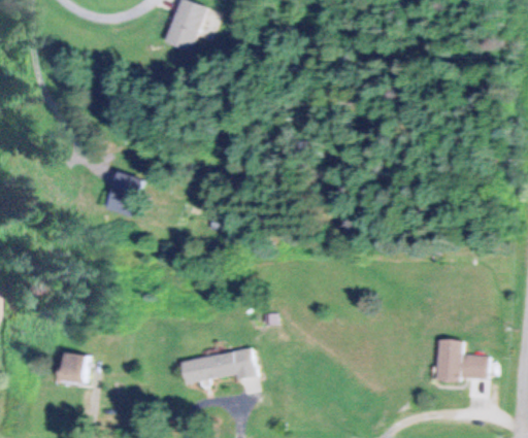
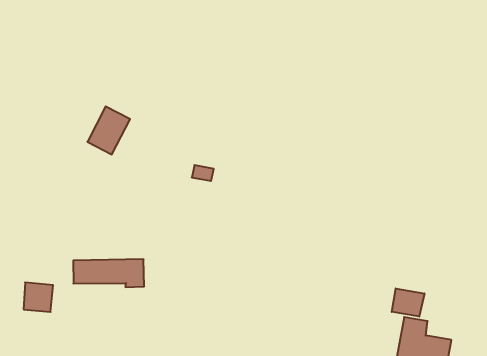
building: none -> [392,288,424,317]
building: [183,348,256,381] -> [73,259,144,287]

